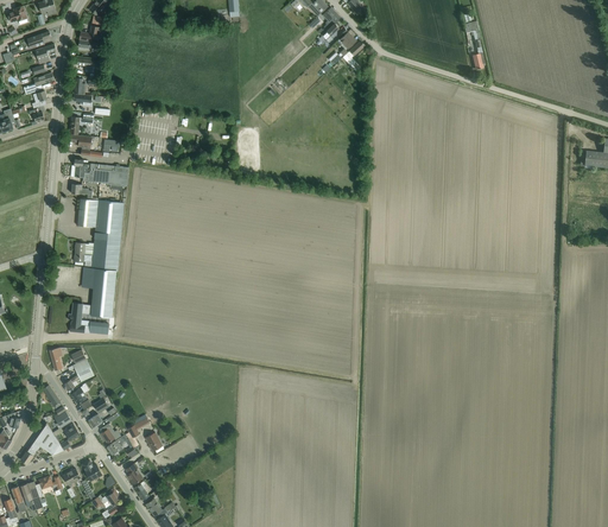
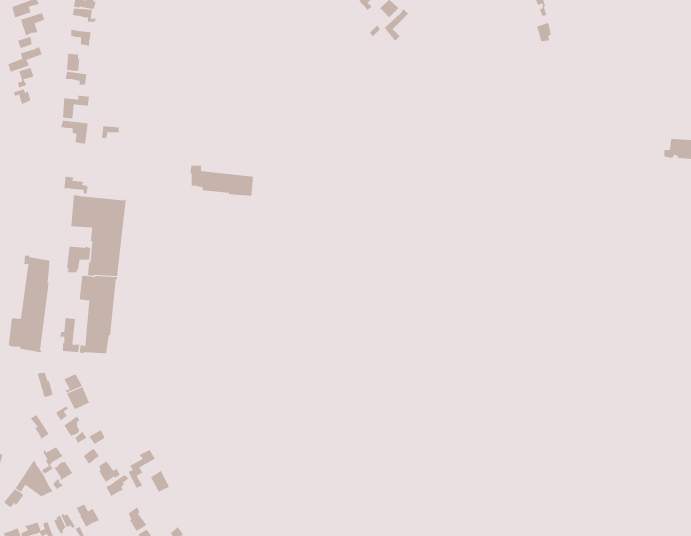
building: [74,159,128,185] -> [189,165,254,196]
building: none -> [8,255,50,353]

